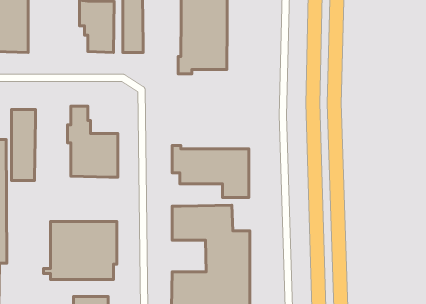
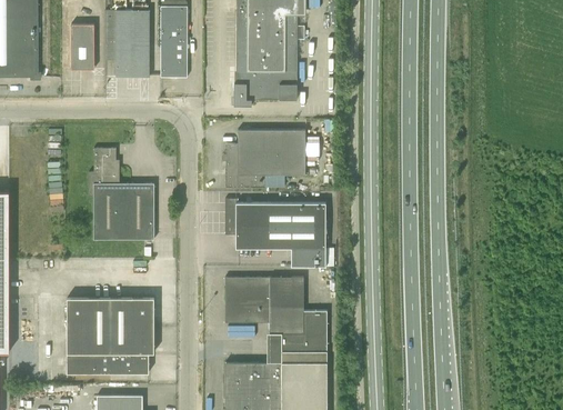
building: none -> [71,23,94,69]
building: none -> [225,129,305,187]
building: [12,109,36,181] -> none

